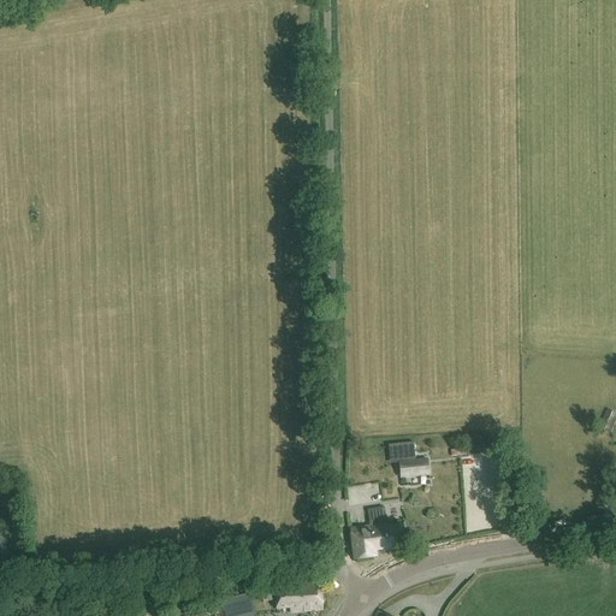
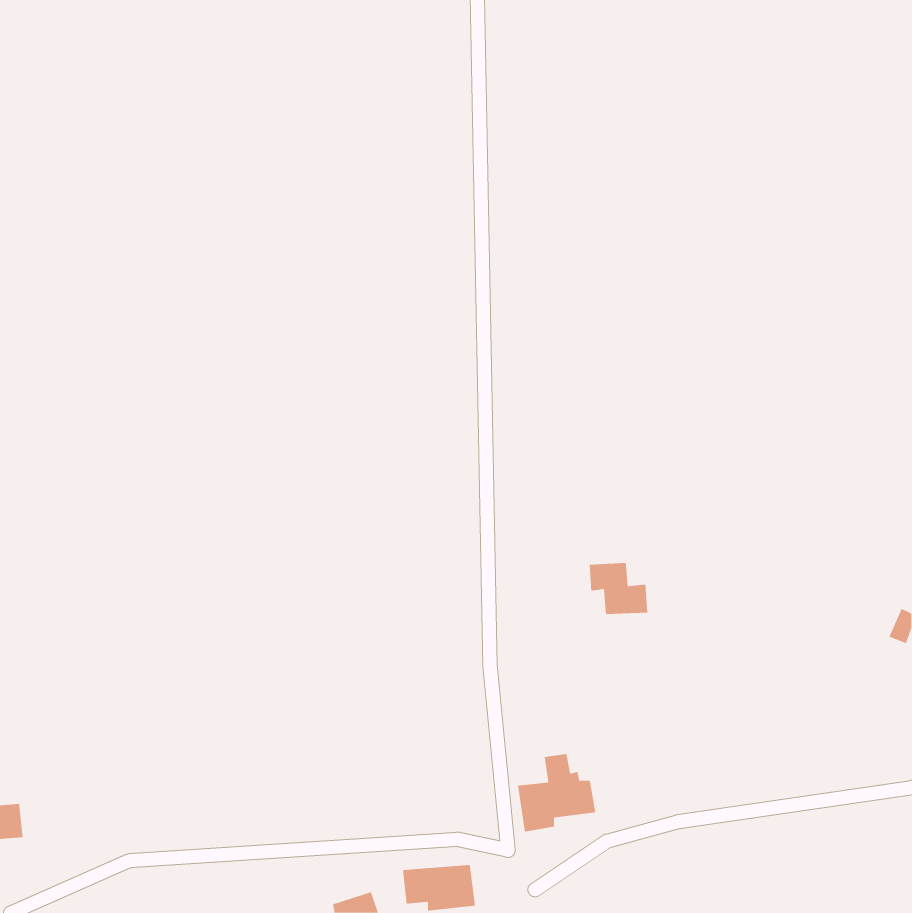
building: [389,442,428,476] -> [589,563,648,615]

